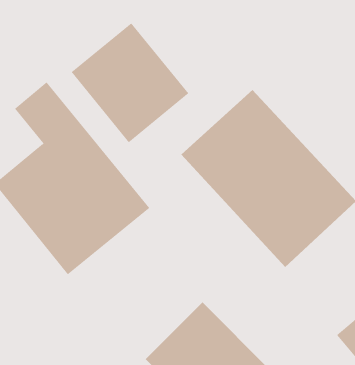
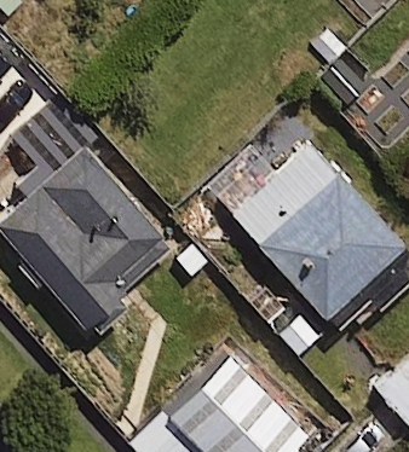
building: [71,22,189,143] -> none

